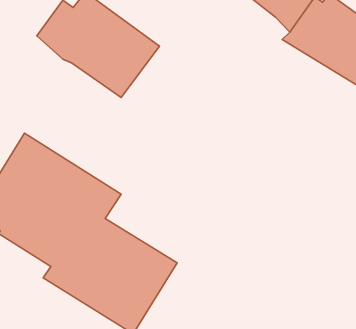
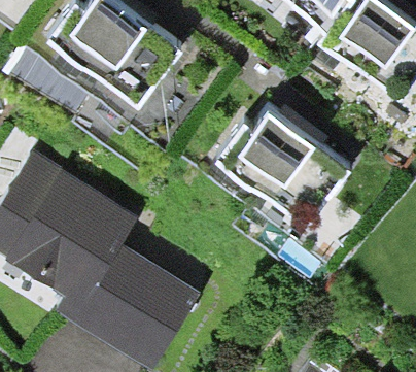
building: none -> [214,111,350,228]

